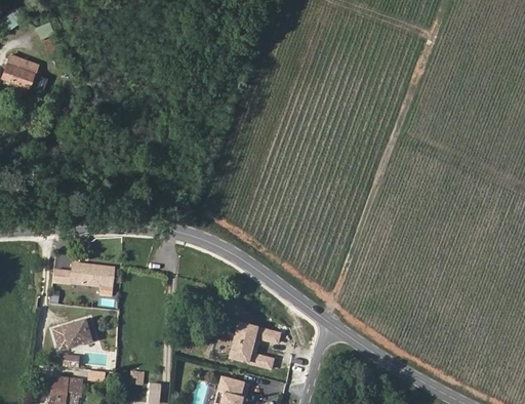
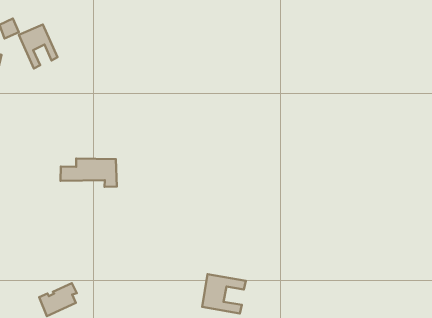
building: none -> [19,25,58,68]
building: [53,262,116,297] -> [60,158,117,187]

